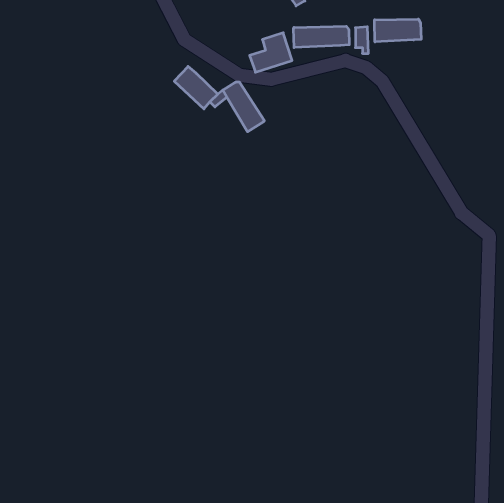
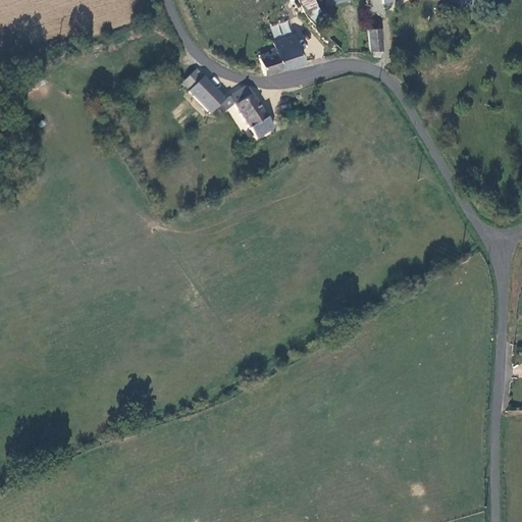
building: [374,19,421,42] -> none
building: [294,26,349,48] -> none

